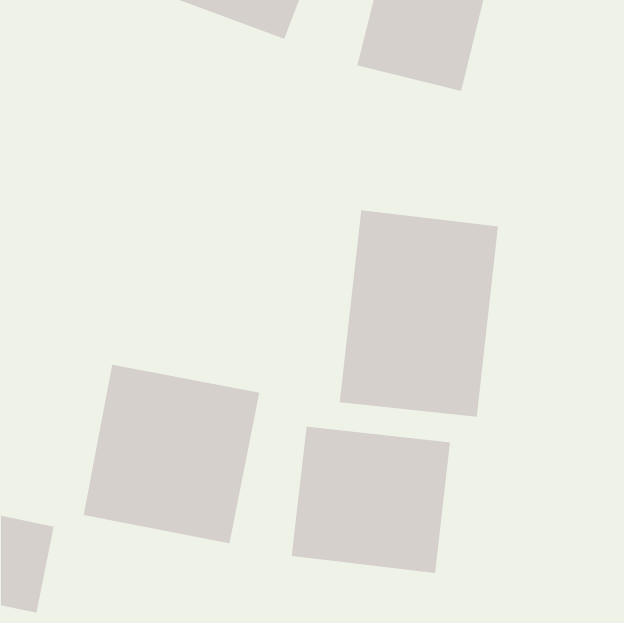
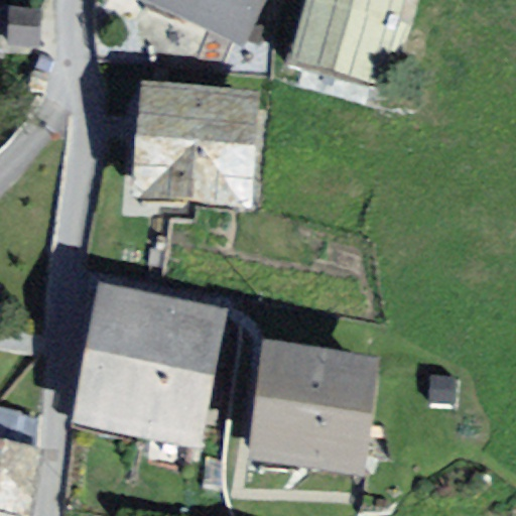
building: none -> [136,100,245,189]
building: [339,210,499,417] -> none

